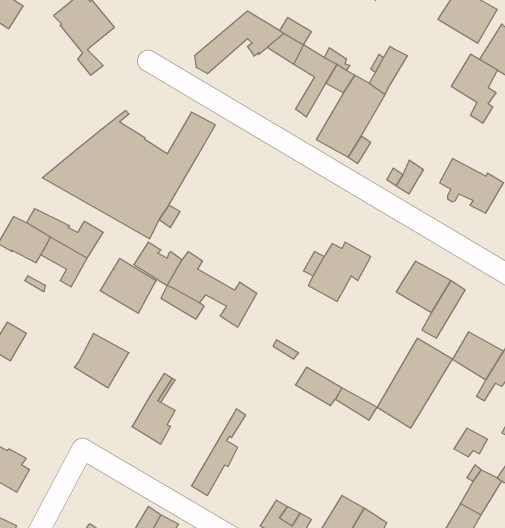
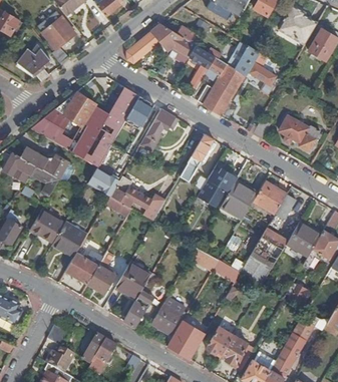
building: none -> [17,47,51,80]
building: [451,54,498,123] -> [248,52,277,95]
building: none -> [128,95,154,122]
building: none -> [140,108,178,150]
building: none -> [180,134,216,179]
building: [100,259,156,313] -> [30,209,65,243]
building: none -> [218,181,258,224]
building: none -> [65,253,98,284]
building: none -> [115,262,151,299]
building: none -> [151,297,185,334]

